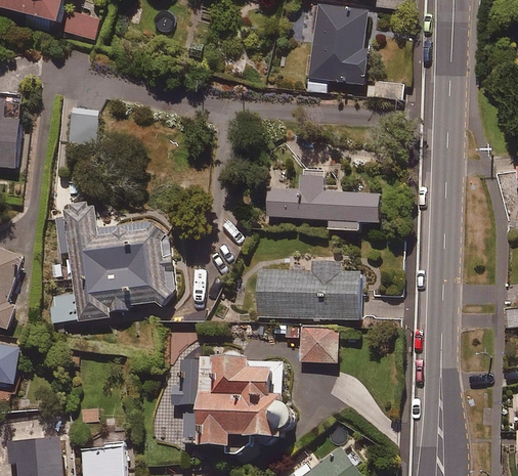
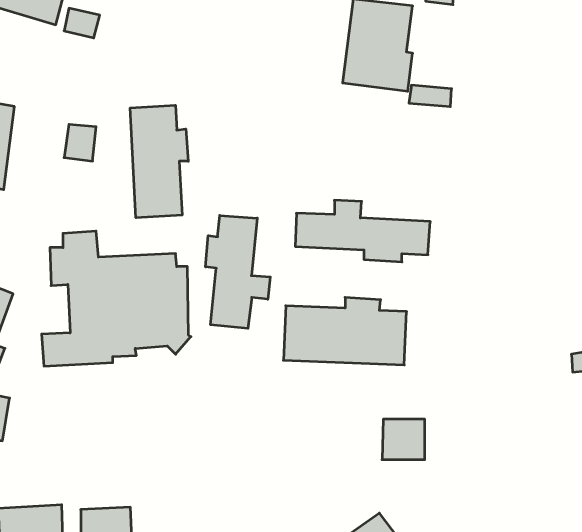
building: none -> [130,105,188,218]
building: none -> [206,215,270,328]
building: [299,326,336,360] -> [382,419,425,460]
building: [169,351,297,456] -> none

